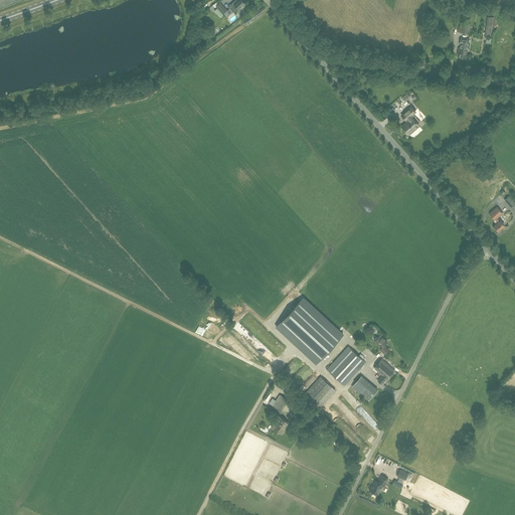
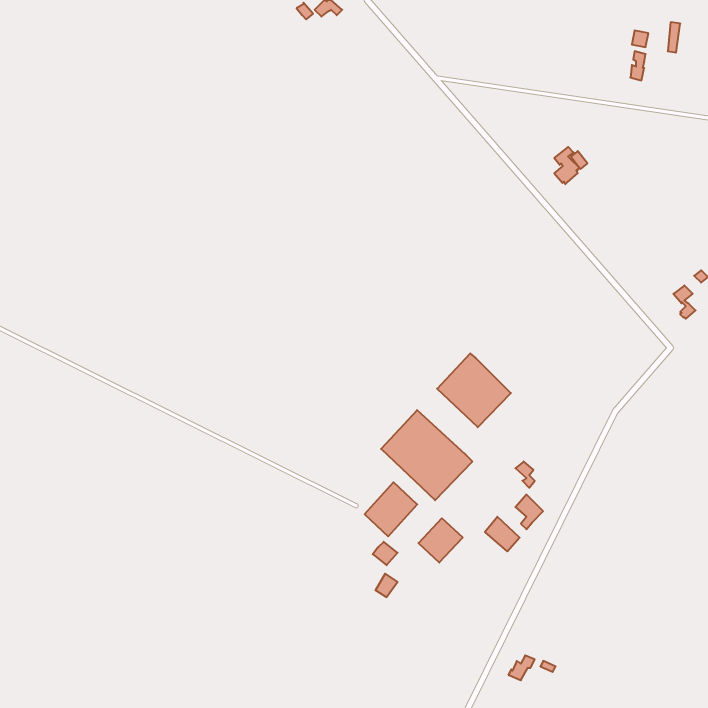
building: none -> [437,353,511,427]
building: [327,346,365,385] -> [365,482,417,536]

